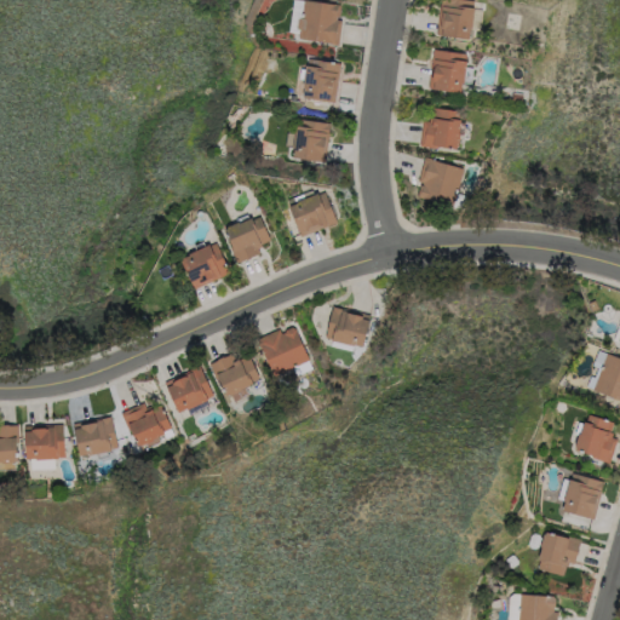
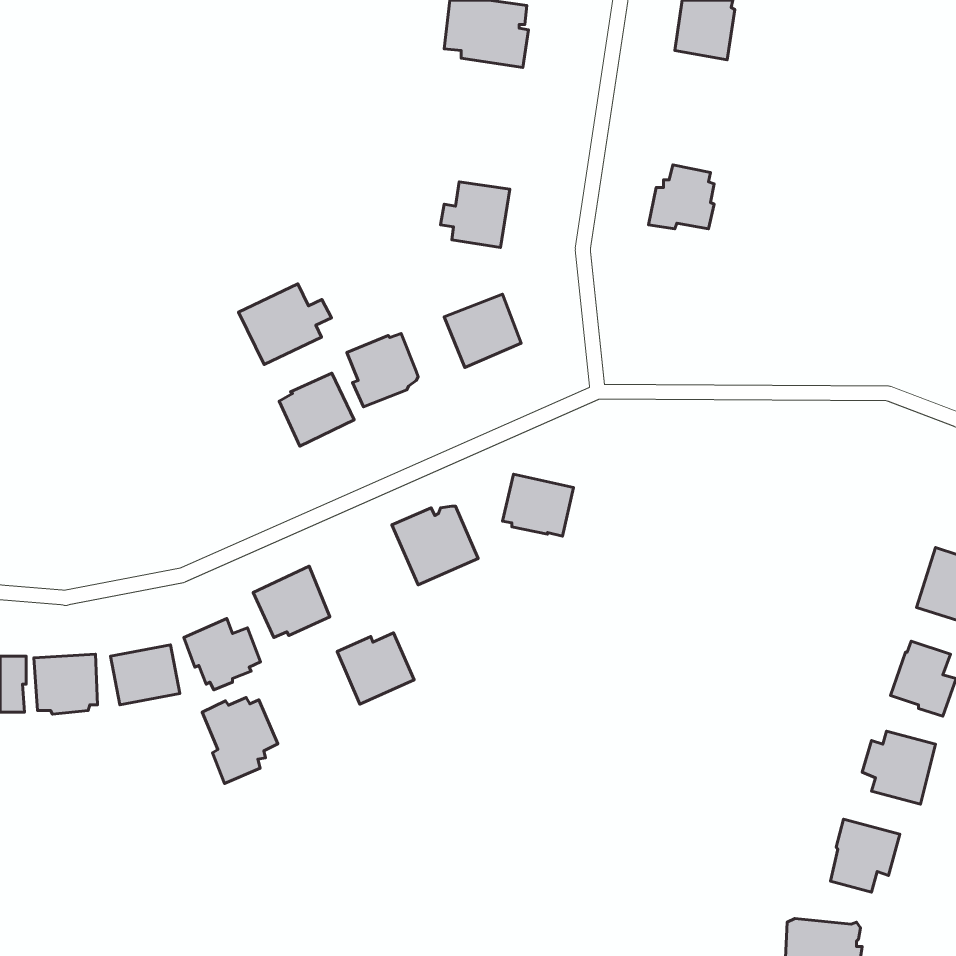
building: [430,50,469,93] -> none
building: [300,59,341,102] -> none
building: [419,156,464,207] -> none
building: none -> [238,284,331,364]
building: [212,351,262,397] -> [337,633,414,704]
building: none -> [202,697,278,784]

